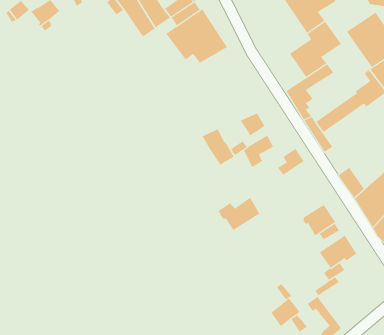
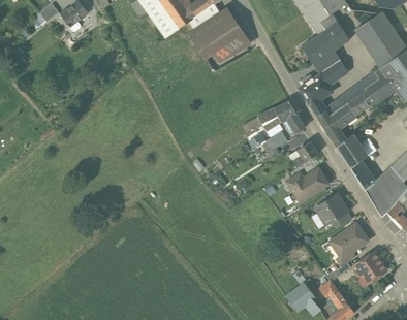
building: [202,128,234,166] -> [274,100,305,135]
building: none -> [337,133,368,166]
building: [217,197,260,231] -> [287,167,327,199]
building: none -> [353,250,385,282]

